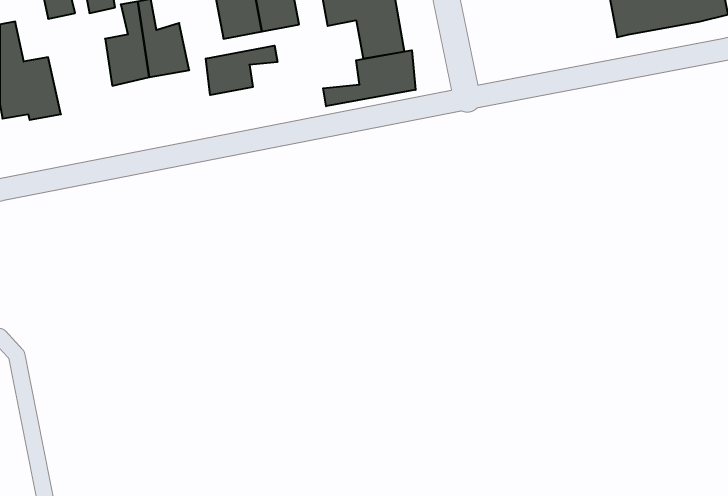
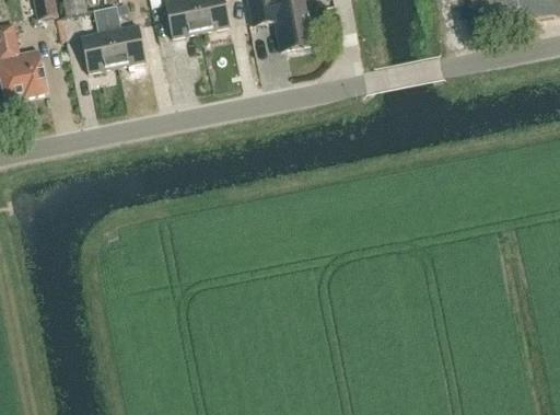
building: [206,46,277,95] -> none
building: [323,50,416,106] -> none

